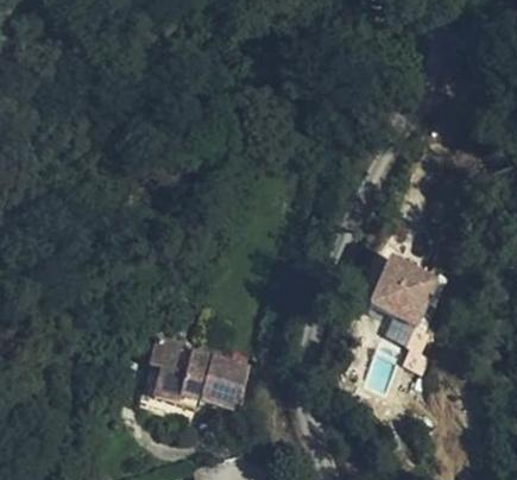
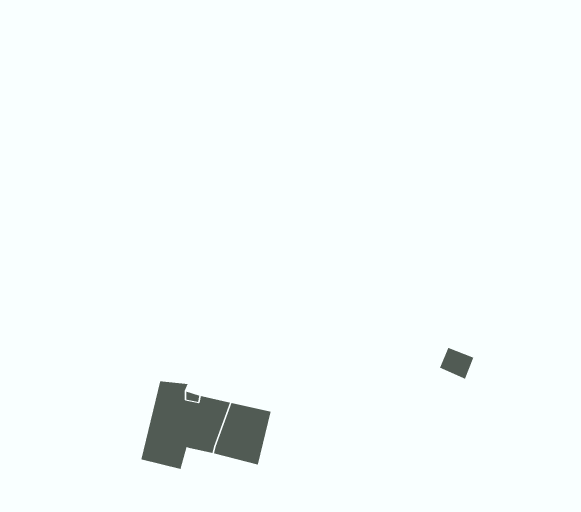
building: [370,244,442,317] -> none

